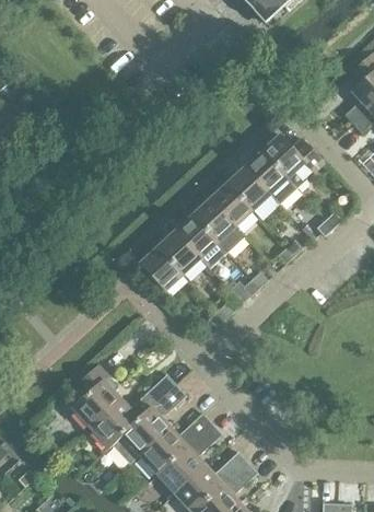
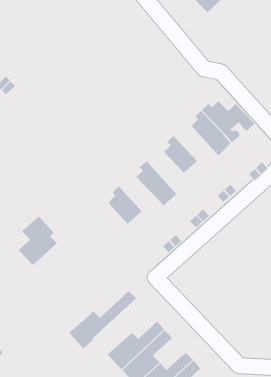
building: [223,167,270,212] -> none
building: [189,200,245,254] -> none
building: [154,232,201,276] -> none
building: [72,365,122,429] -> [18,216,58,266]
building: [113,385,187,465] -> none

